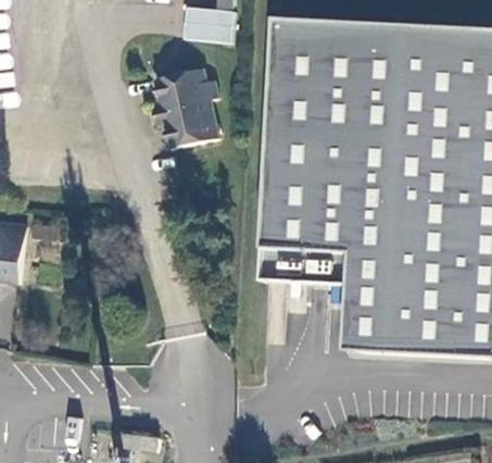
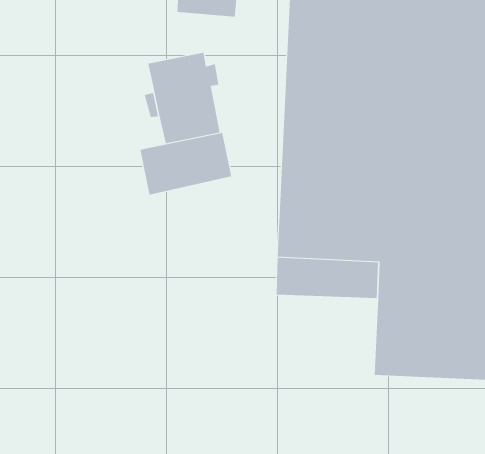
building: none -> [140,132,232,195]

